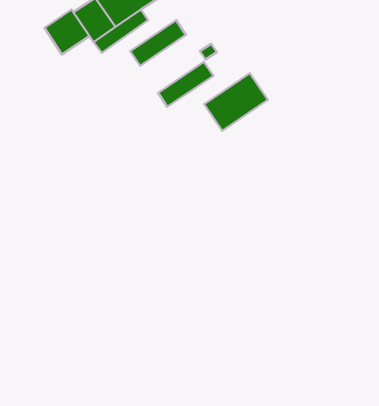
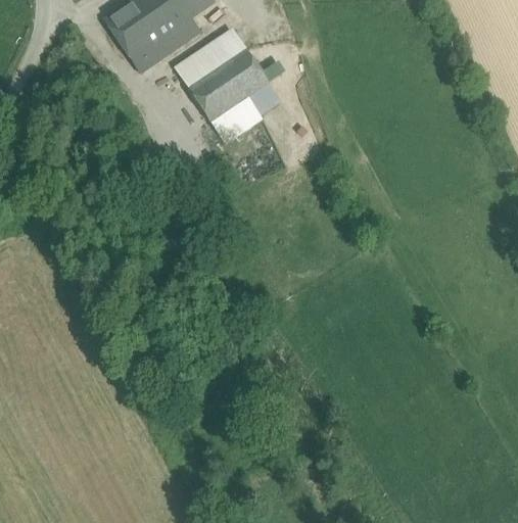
building: [44,10,89,54] -> none
building: [204,73,268,131] -> [188,48,268,121]

